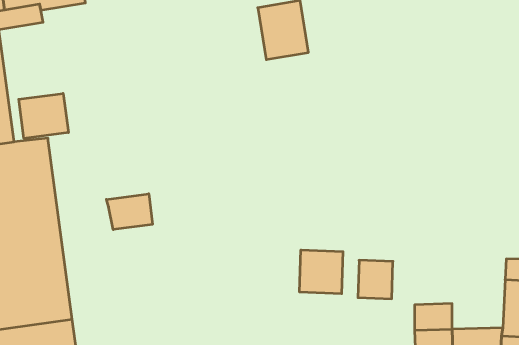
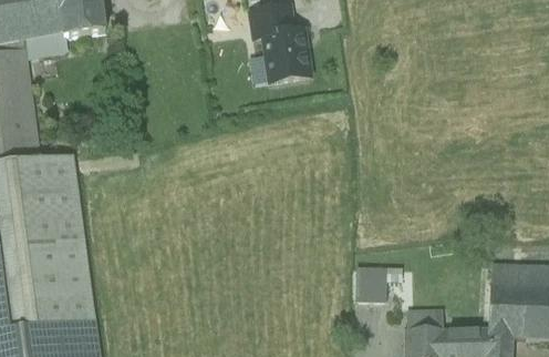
building: [19,93,68,138] -> none
building: [106,194,152,230] -> none
building: [300,250,343,294] -> none

